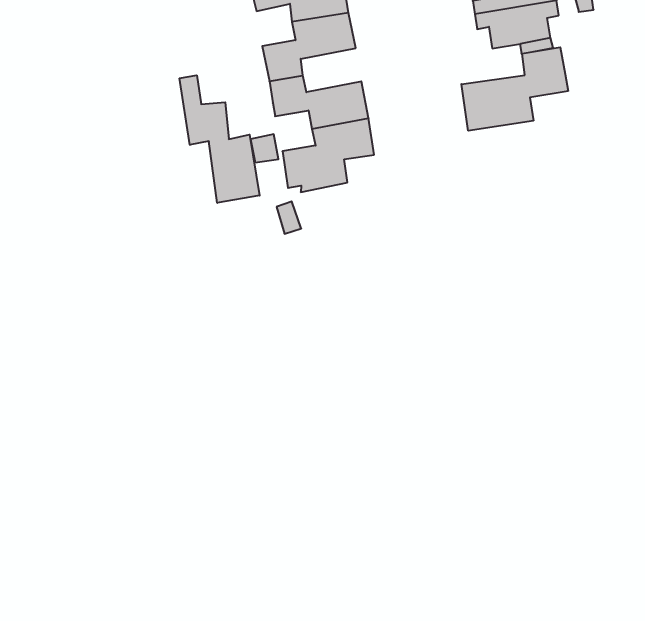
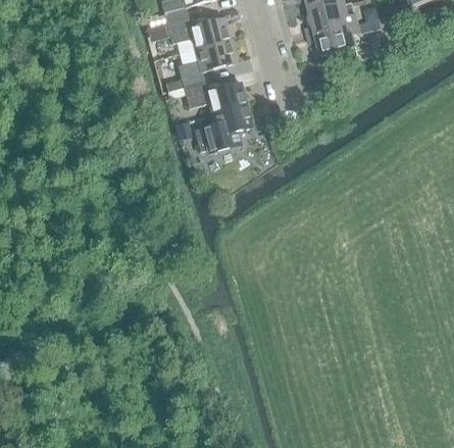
building: [461,47,568,131] -> none
building: [180,75,260,203] -> none

